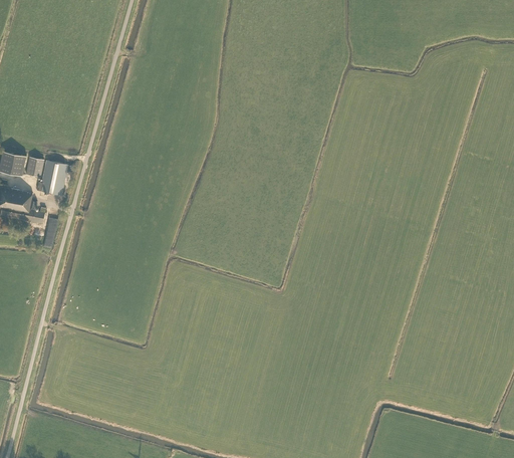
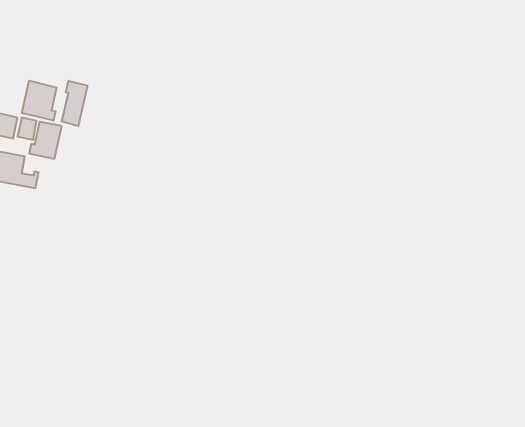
building: none -> [22,81,57,121]
building: none -> [62,81,87,126]

